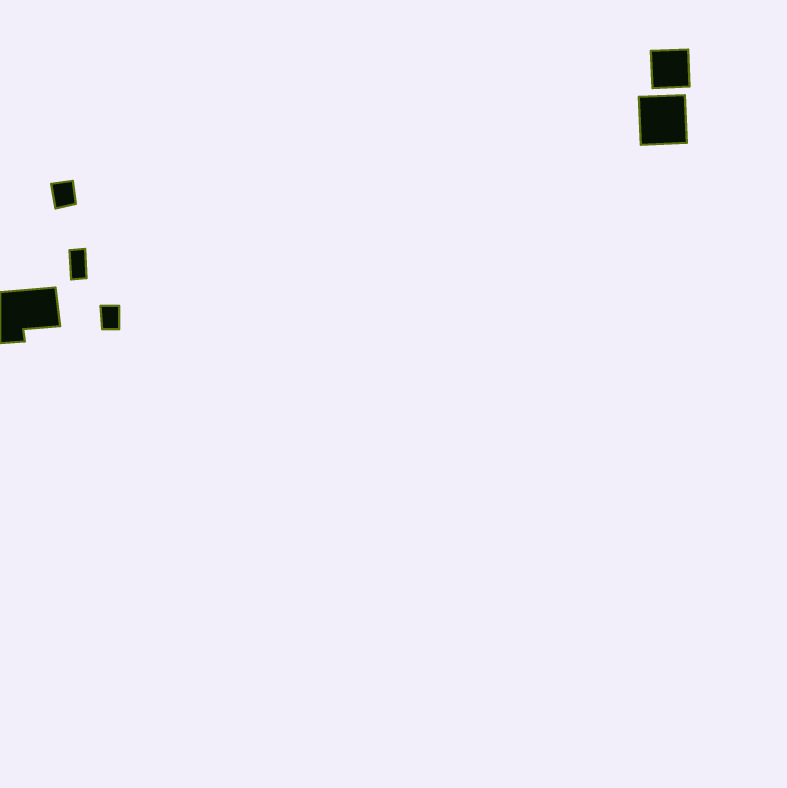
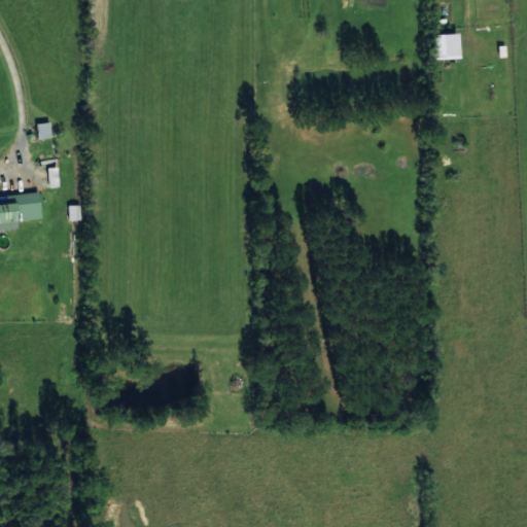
building: [639,95,687,145] -> none

